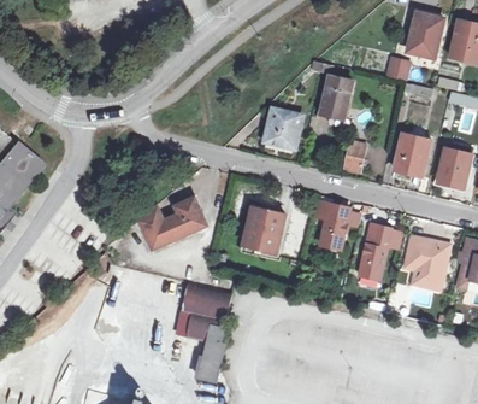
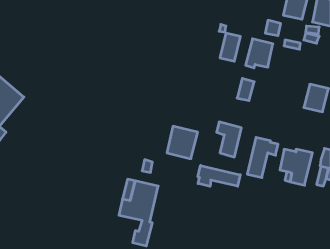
building: [264,106,301,147] -> none
building: [393,130,431,171] -> [246,39,273,68]
building: [141,195,206,245] -> none
building: none -> [198,165,240,186]

